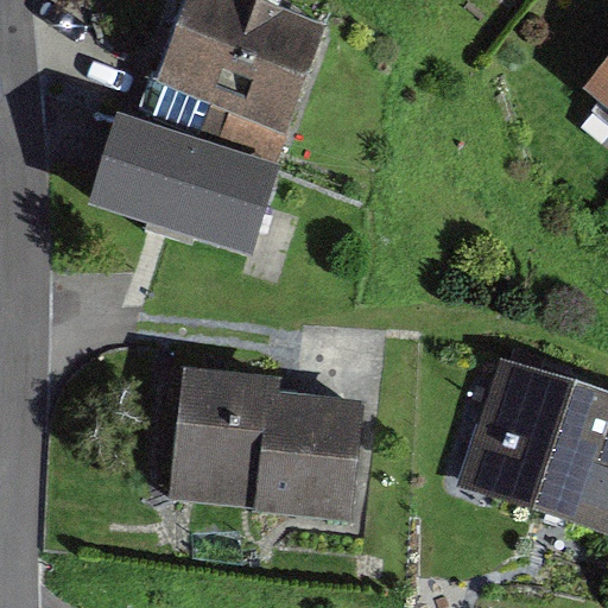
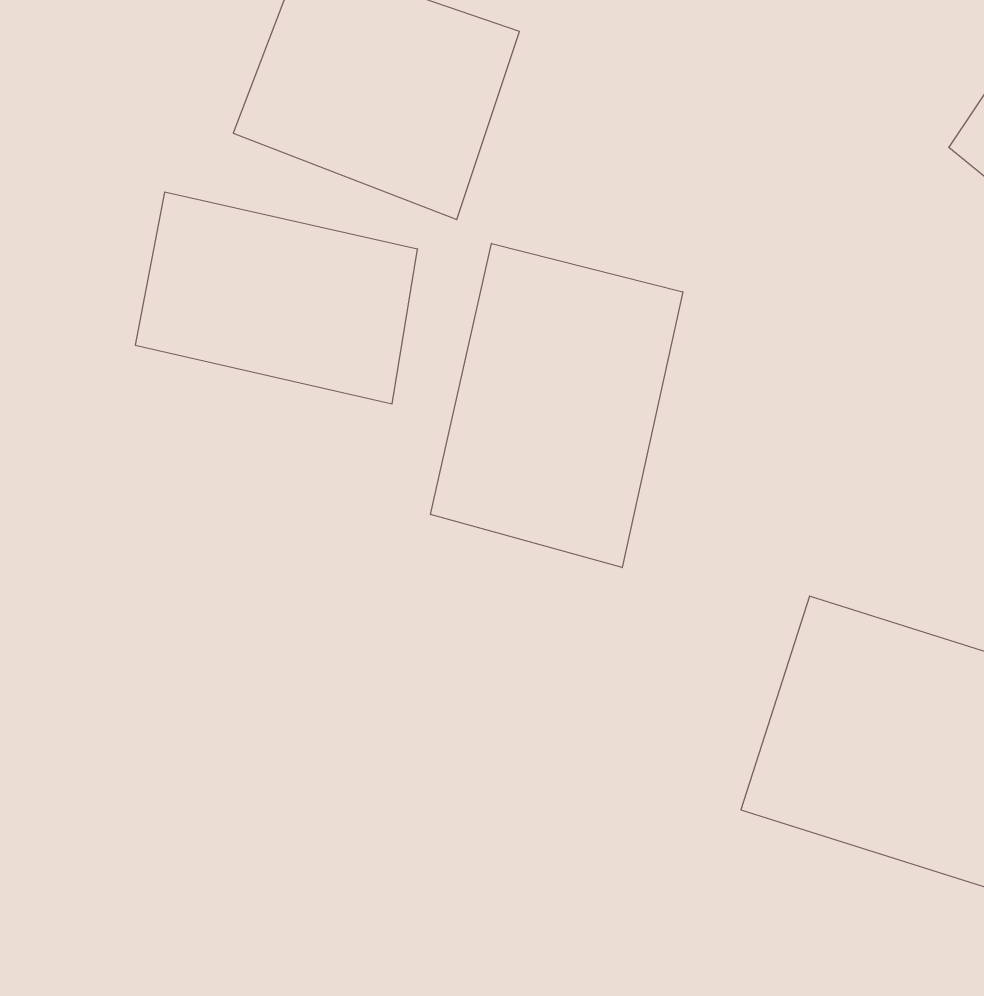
building: none -> [431,243,683,568]
building: [175,366,365,520] -> none

